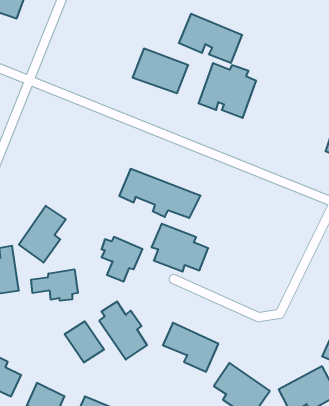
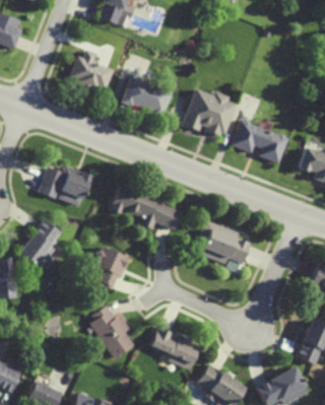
building: [179,14,242,63] -> [231,118,288,162]
building: none -> [69,52,114,91]
building: none -> [40,164,93,206]
building: [151,224,208,272] -> [199,220,251,264]
building: [31,269,78,301] -> none
building: [65,321,104,363] -> none

